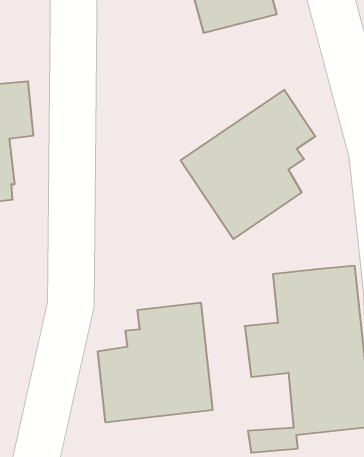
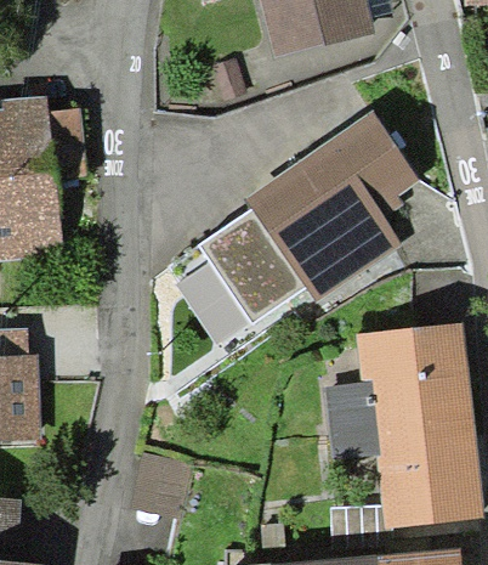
building: none -> [175,222,277,323]
building: [98,303,212,422] -> none

